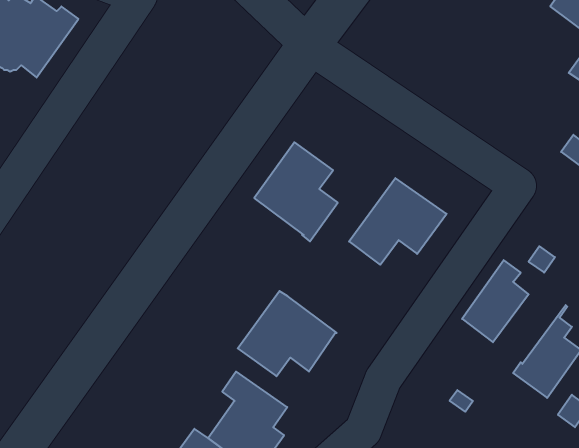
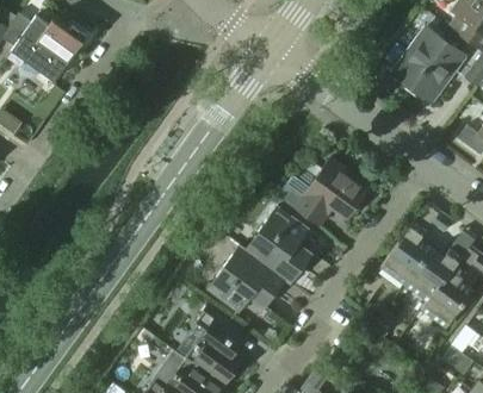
building: none -> [392,29,464,102]
building: [254,142,338,241] -> [246,207,310,283]
building: none -> [404,249,460,302]

